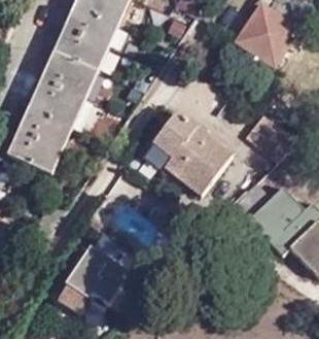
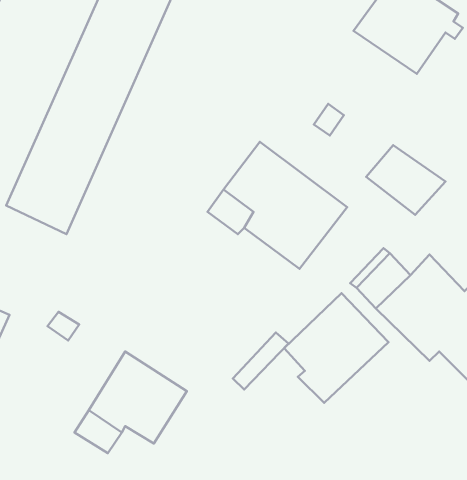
building: none -> [284,293,388,403]

